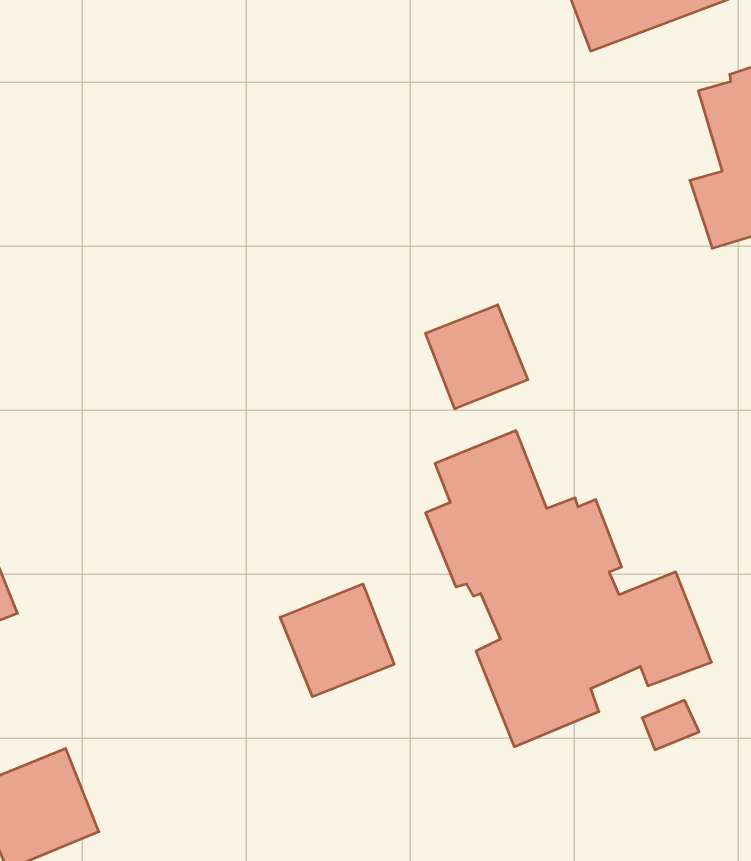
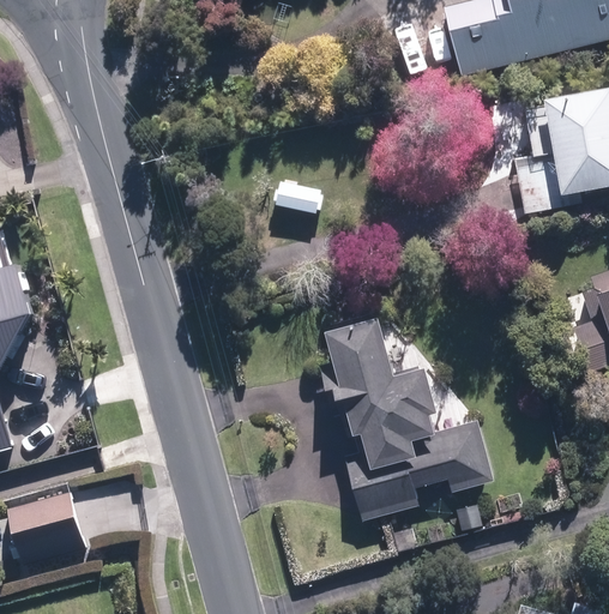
building: [426,305,528,409] -> none
building: [280,584,394,697] -> none

